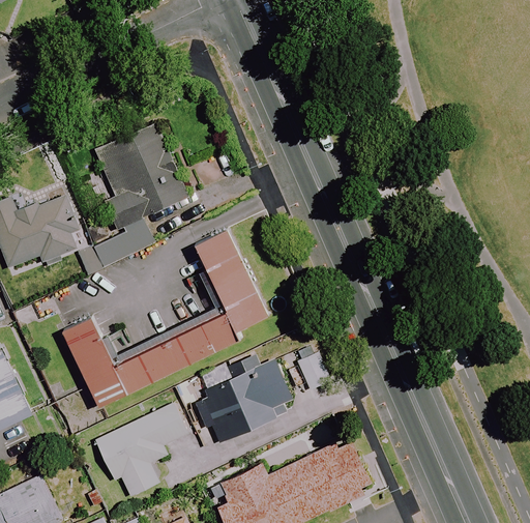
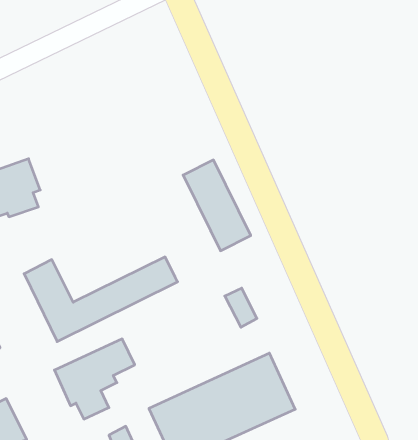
building: [93,123,185,268] -> none
building: [192,226,270,331] -> [183,160,251,251]
building: [194,355,292,444] -> none

